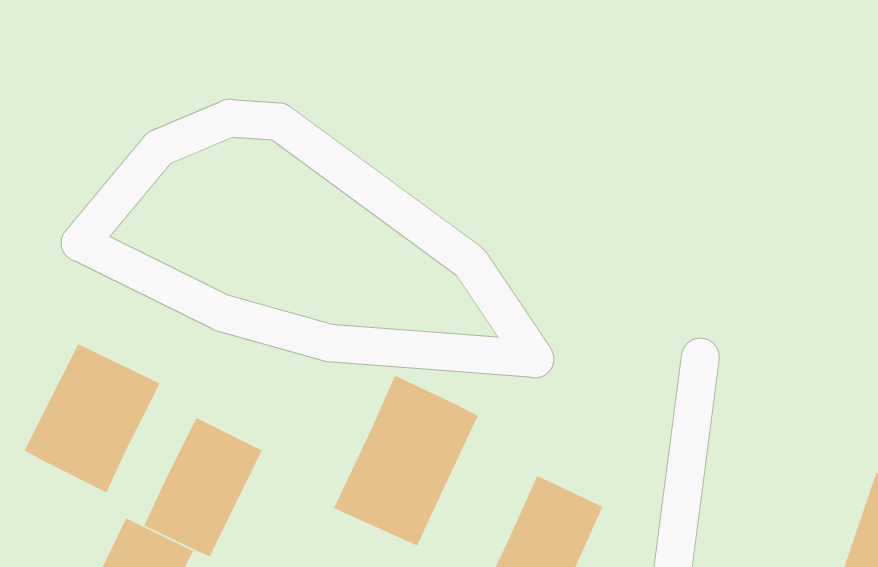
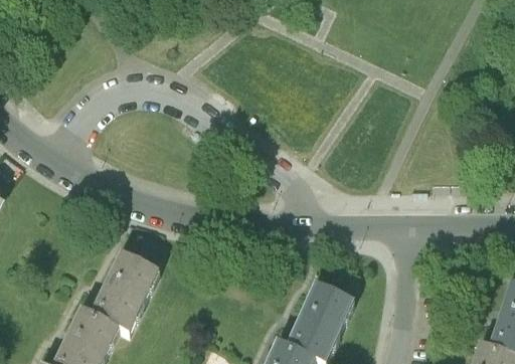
building: [24,343,161,493] -> none
building: [333,375,479,546] -> none

